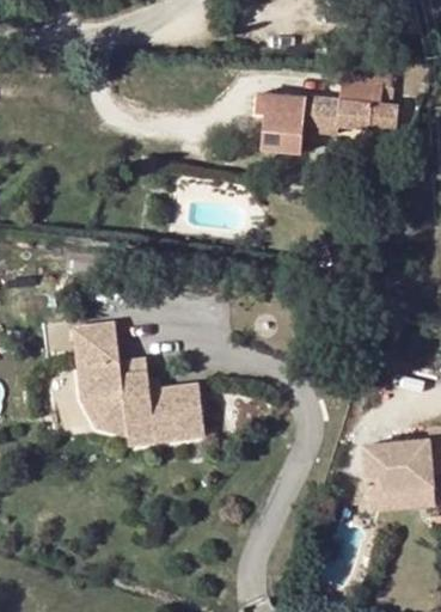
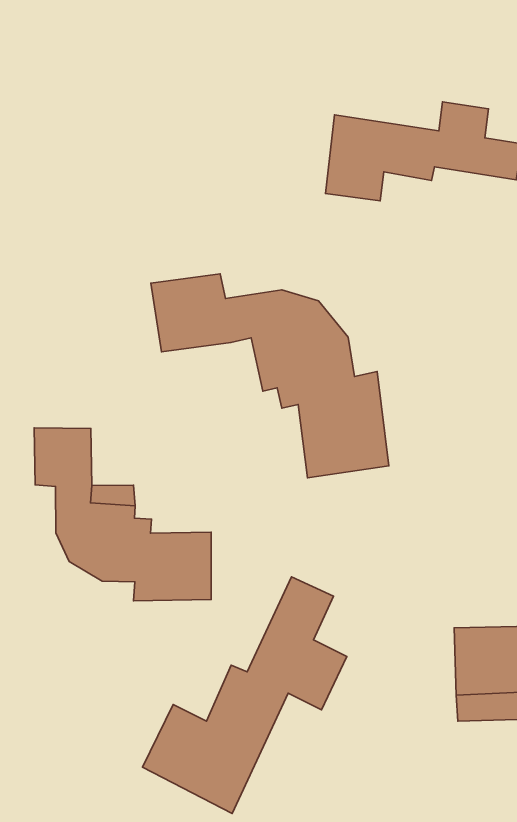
building: none -> [151,274,389,478]
building: none -> [143,577,347,814]

